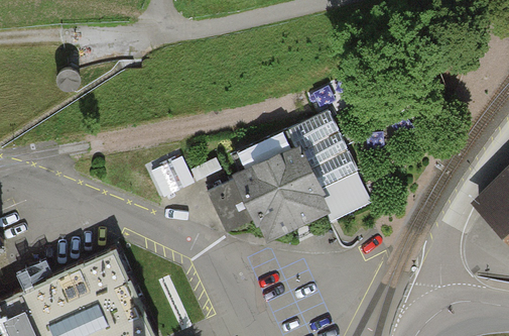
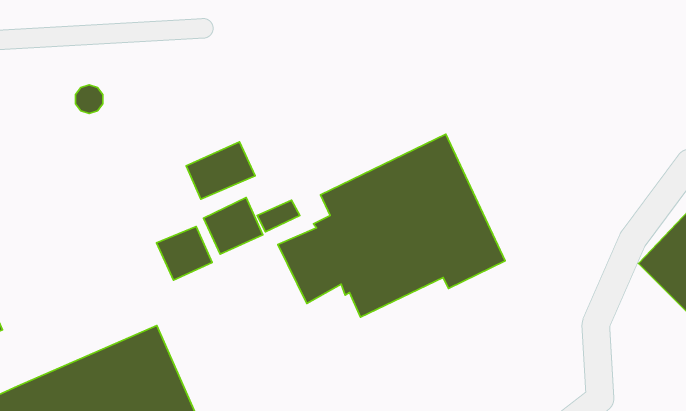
building: none -> [186,142,255,199]
building: none -> [156,226,212,280]

